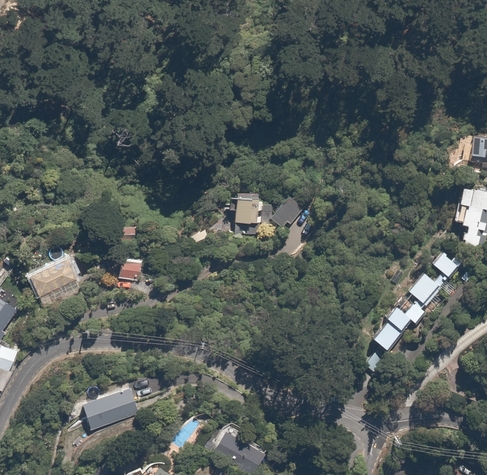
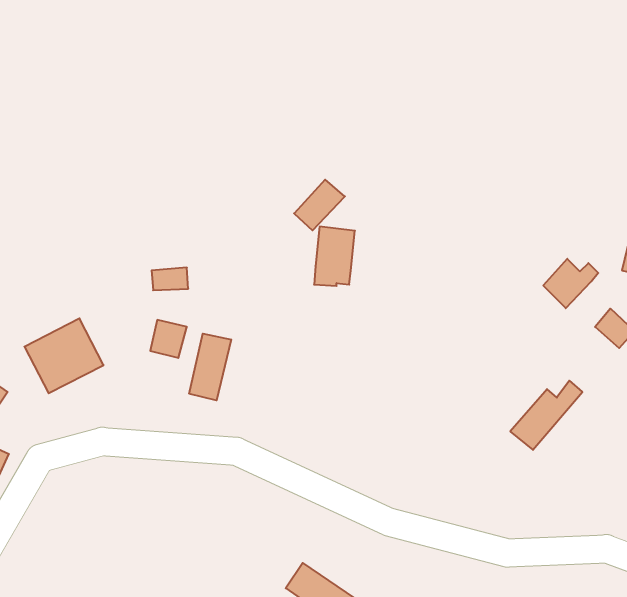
building: [267,195,303,231] -> [294,180,345,230]
building: none -> [189,334,231,400]
building: [407,270,446,305] -> [543,259,598,308]
building: [81,390,139,430] -> none

